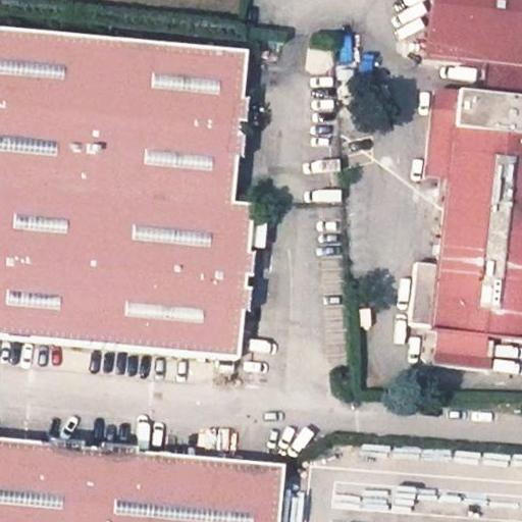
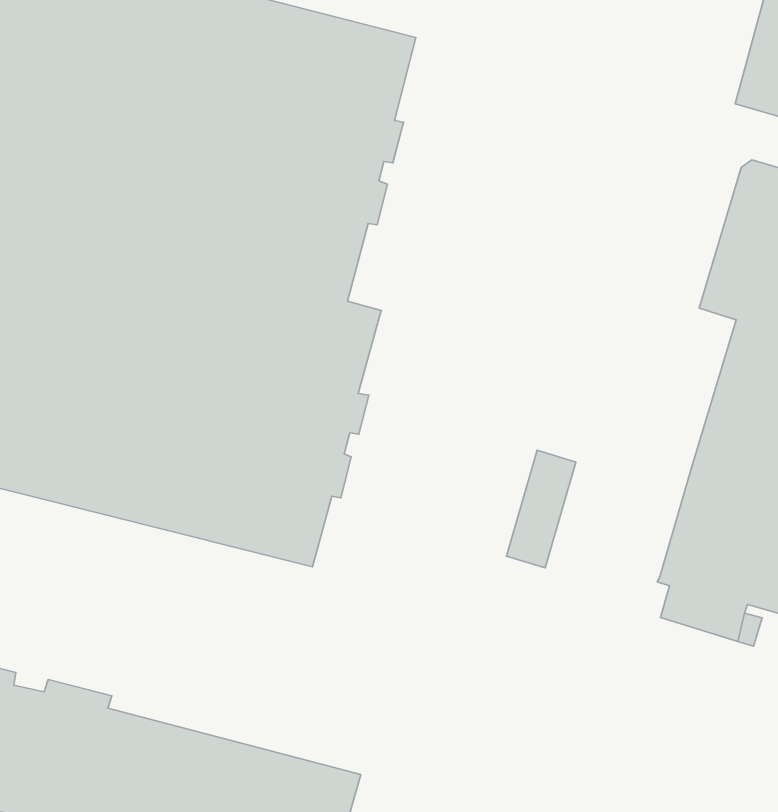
building: [410,265,439,329] -> [507,450,576,568]

